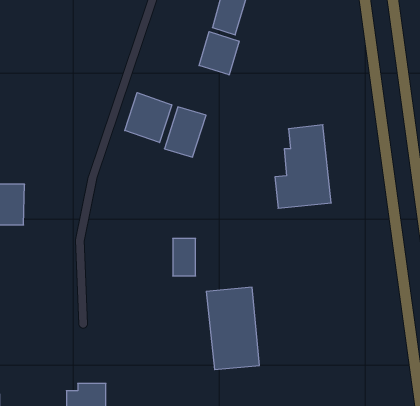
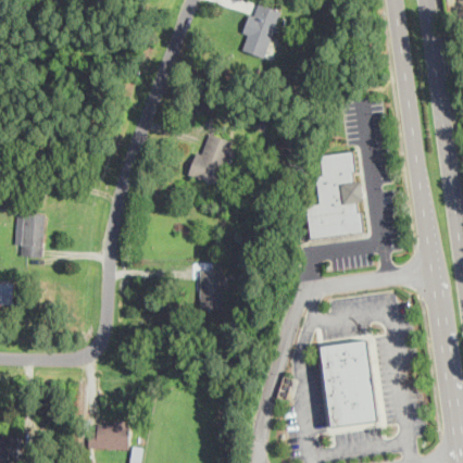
building: [199,32,239,75] -> none
building: [125,93,172,143] -> none
building: [206,287,259,370] -> [321,342,376,428]

